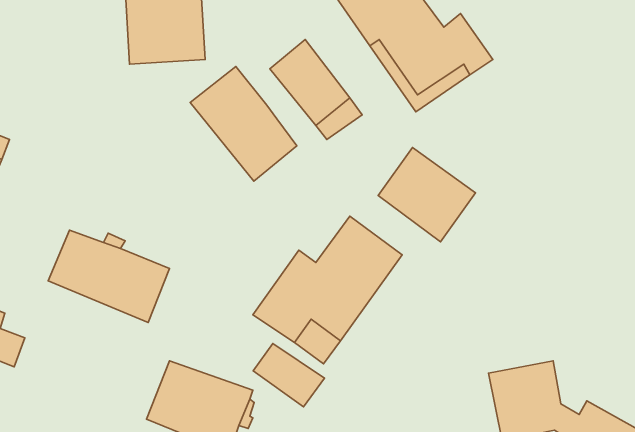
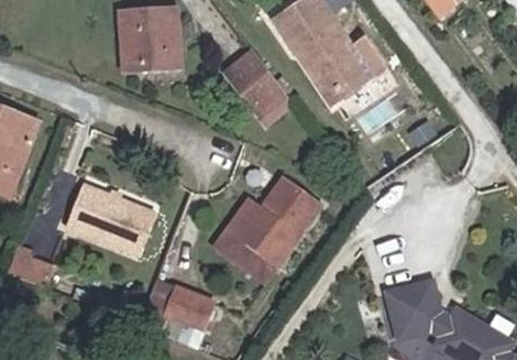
building: [190,66,297,181] -> none
building: [378,148,476,242] -> none
building: [253,343,324,407] -> none

